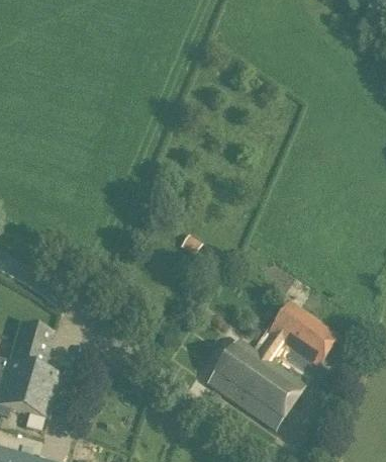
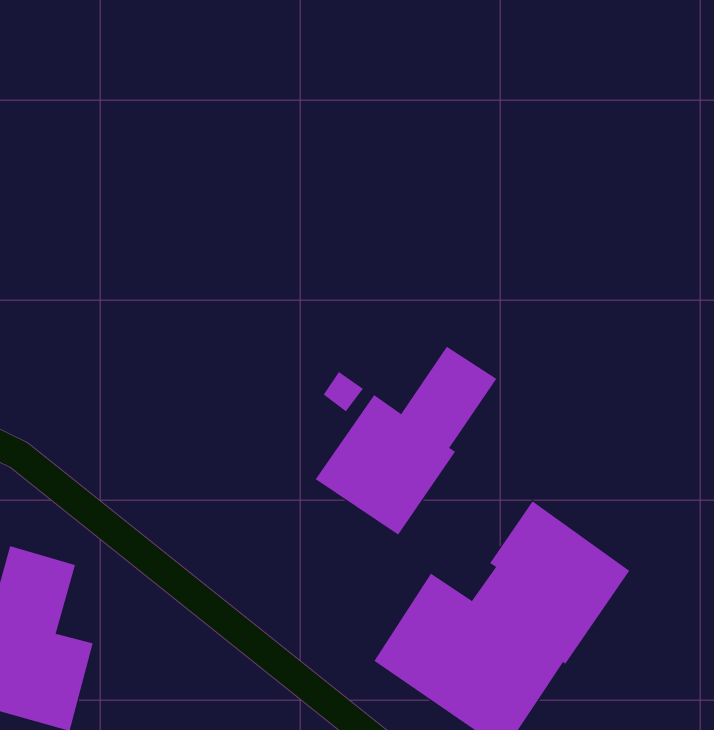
building: none -> [315,346,497,536]

